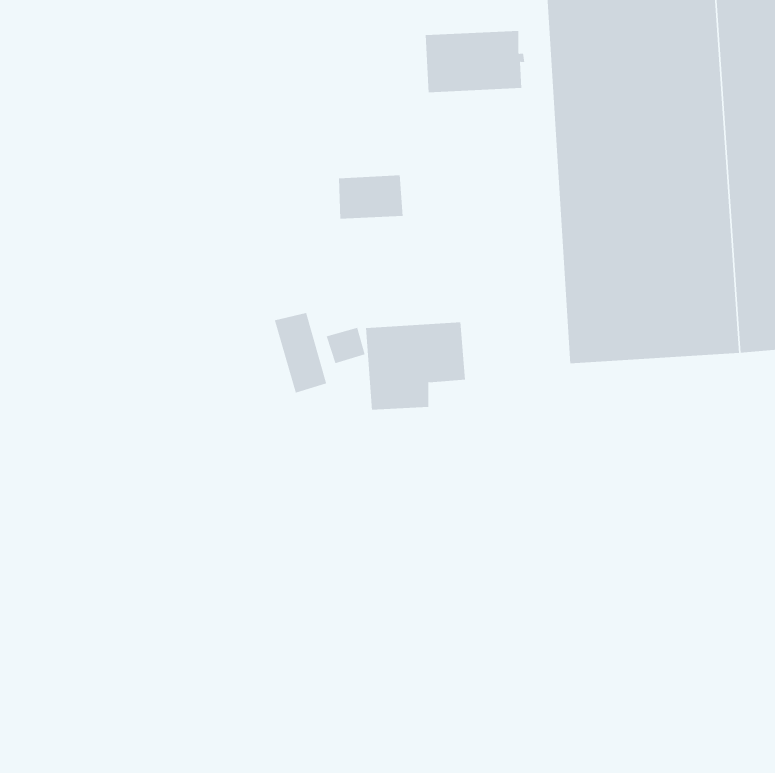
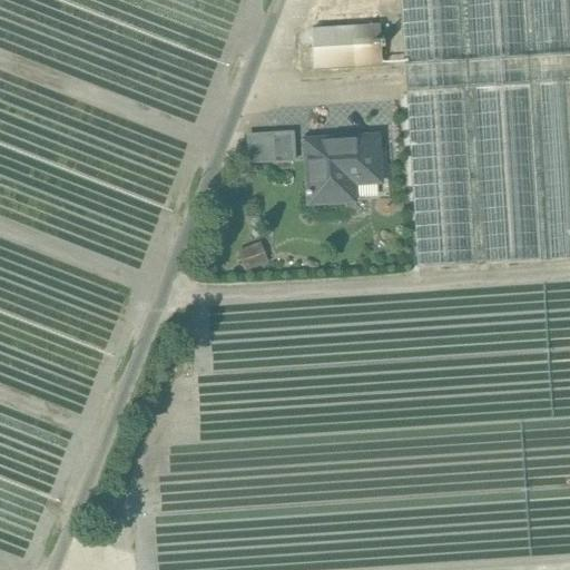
building: [274,312,327,394] -> none
building: [365,322,466,410] -> [307,136,381,200]

